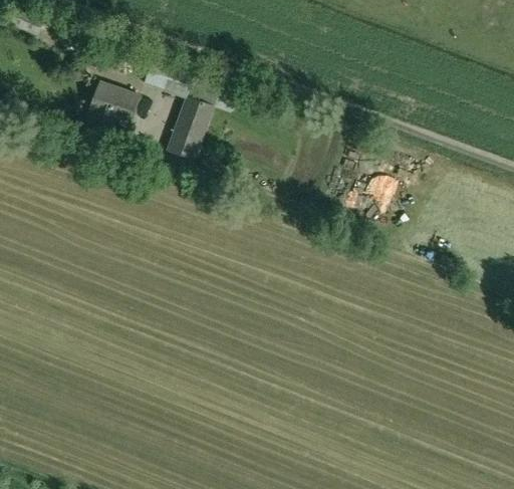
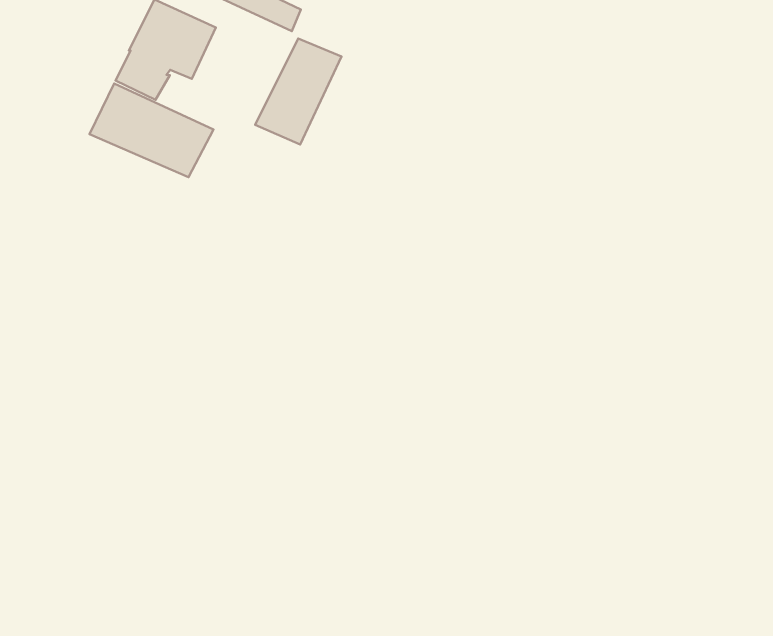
building: none -> [89,83,213,177]

